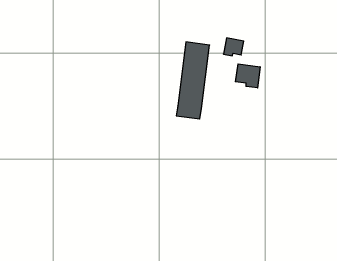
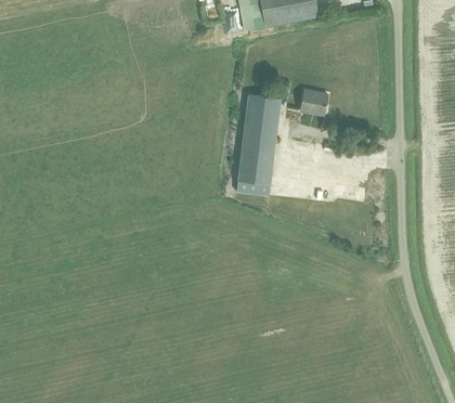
building: [235,64,260,88] -> none

